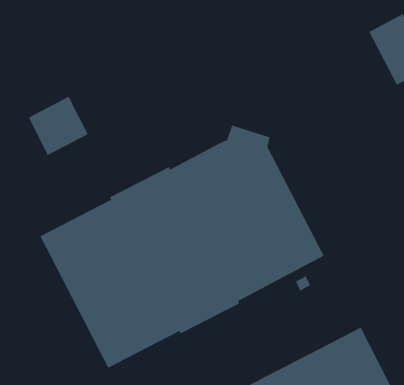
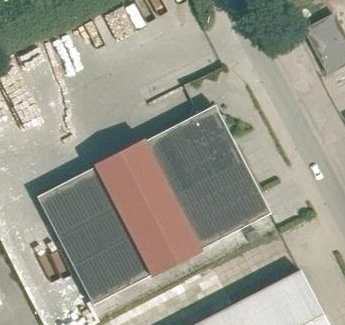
building: [28,96,89,156] -> none

